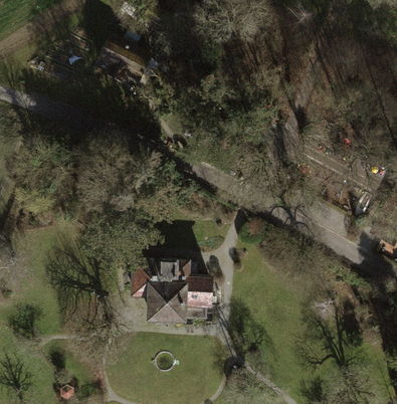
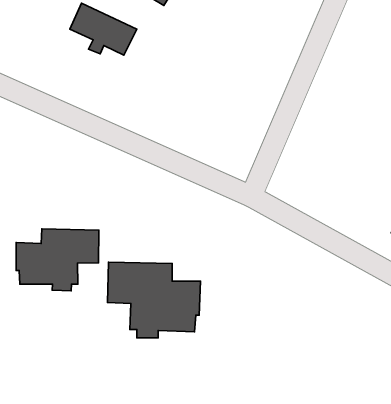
building: none -> [16,229,99,291]

